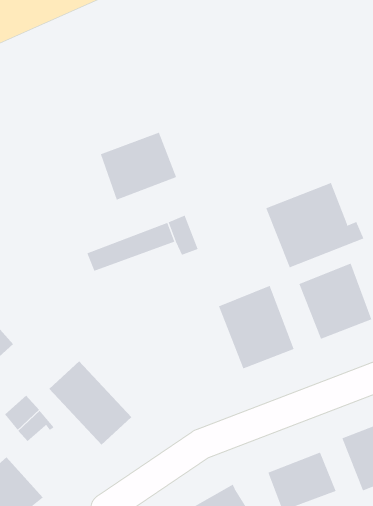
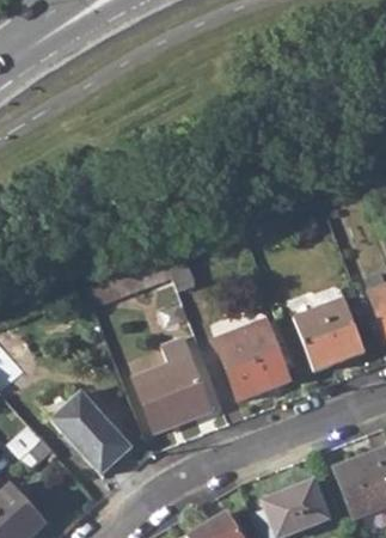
building: [100,132,177,200] -> none
building: [265,182,364,268] -> none
building: none -> [134,337,212,432]

